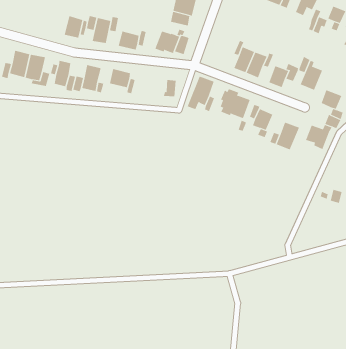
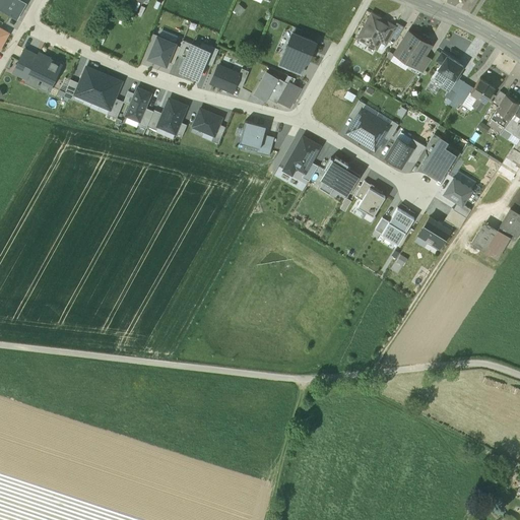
building: none -> [240,121,265,148]

